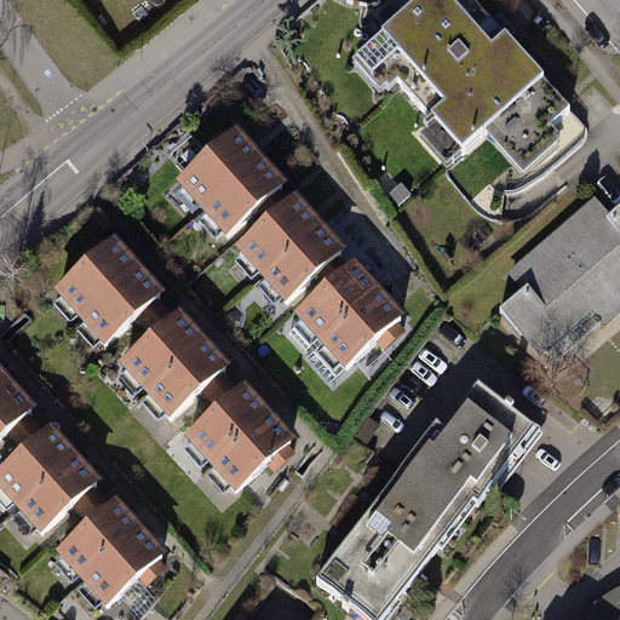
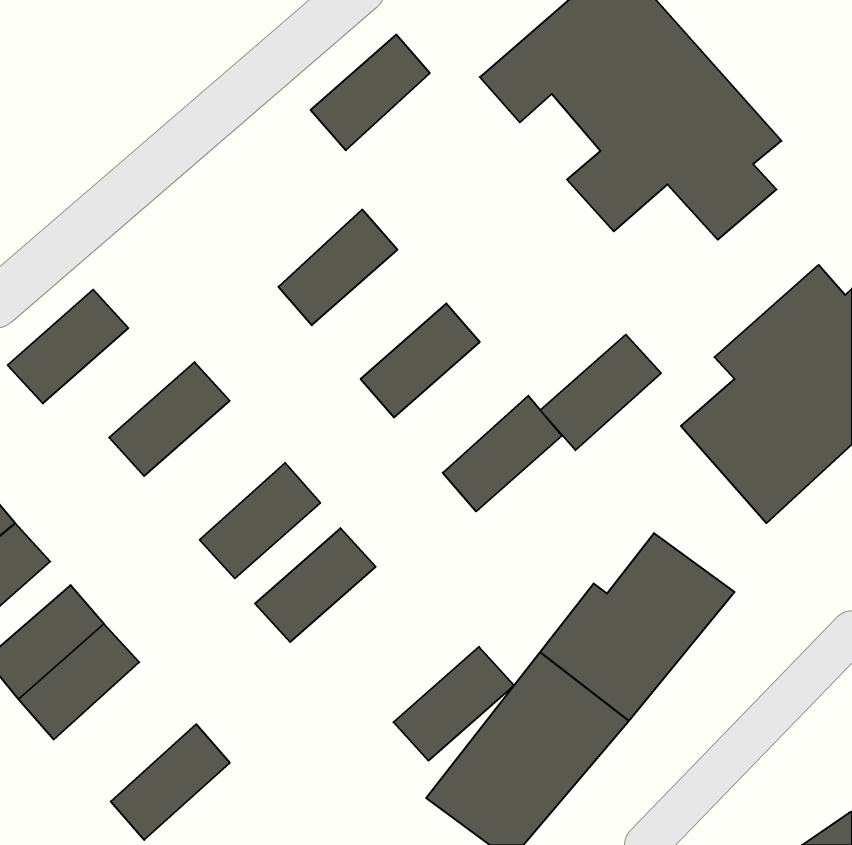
building: [176,124,262,207] -> [311,35,430,150]
building: [235,191,322,274] -> none
building: [53,234,140,316] -> [8,290,128,404]
building: [294,258,381,341] -> [540,335,661,450]
building: [120,306,206,390] -> none
building: [209,409,297,492] -> [393,647,514,761]
building: [54,495,142,579] -> none

